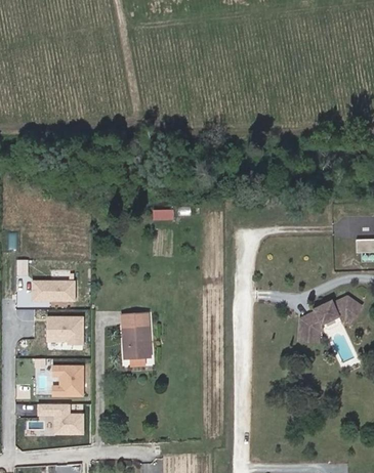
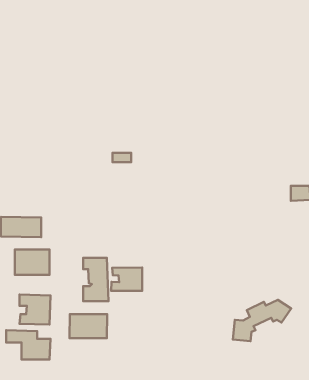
building: [299,298,363,343] -> [233,300,291,341]
building: none -> [111,268,142,291]
building: none -> [70,314,107,338]

